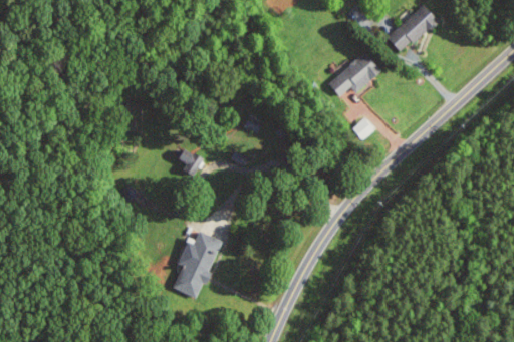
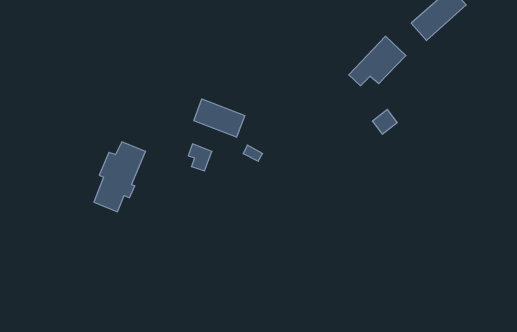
building: none -> [194,99,245,137]
building: [173,232,221,297] -> [94,142,146,212]

